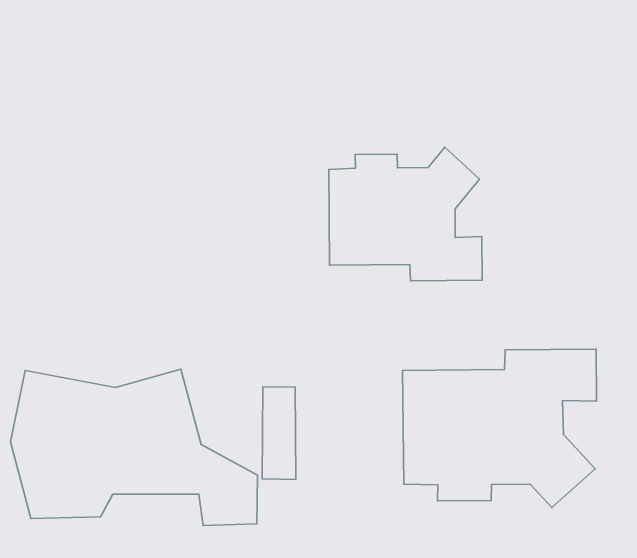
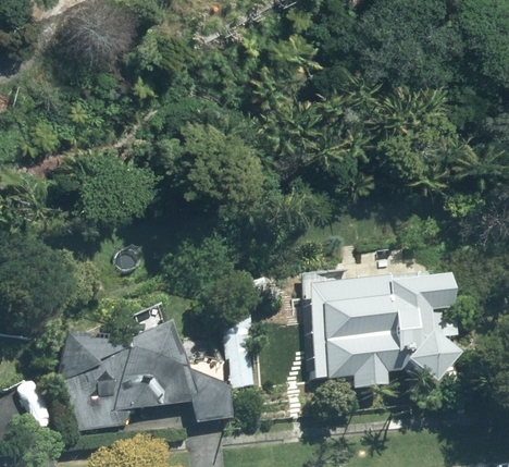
building: [329,147,482,281] -> none

